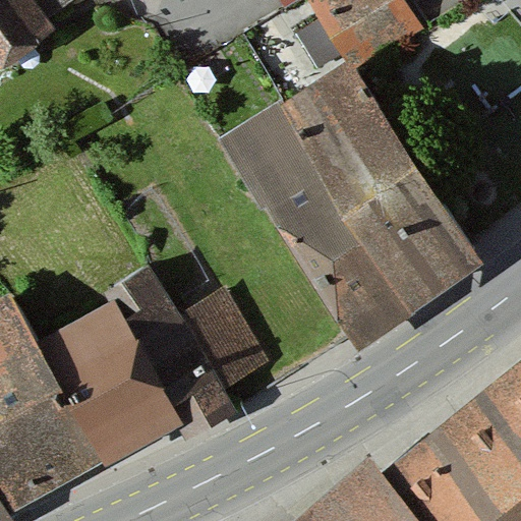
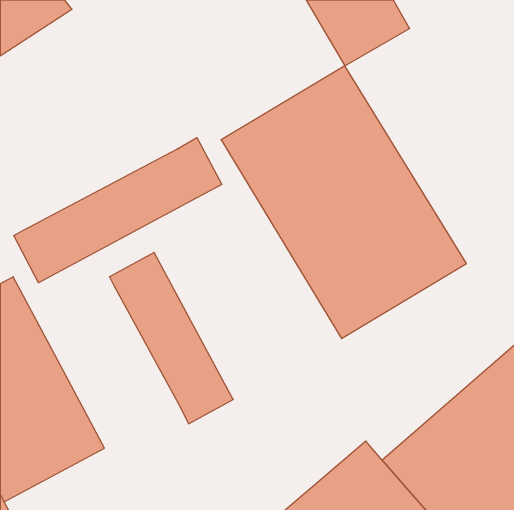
building: none -> [14,138,222,283]
building: [188,293,272,389] -> none
building: [53,294,185,458] -> none

